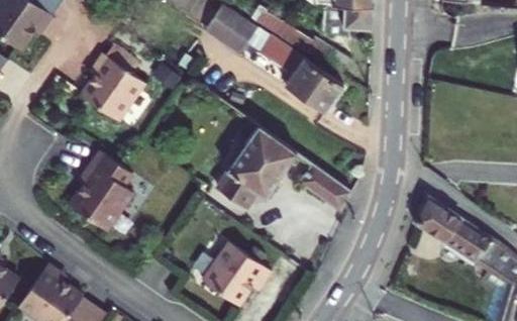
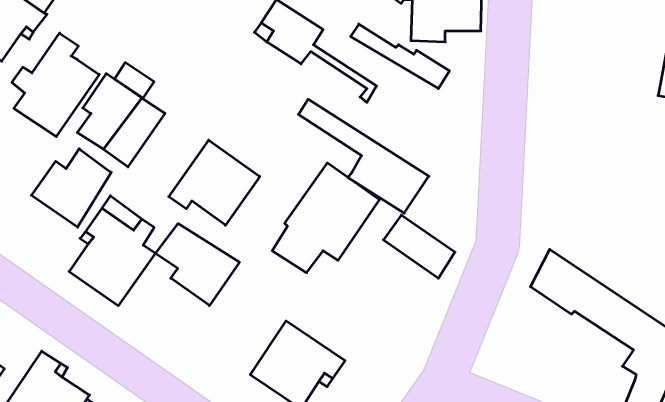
building: [250,28,346,112] -> [298,99,429,213]
building: none -> [12,33,99,137]
building: none -> [169,140,260,225]
building: none -> [31,149,111,227]
building: none -> [156,224,239,306]

